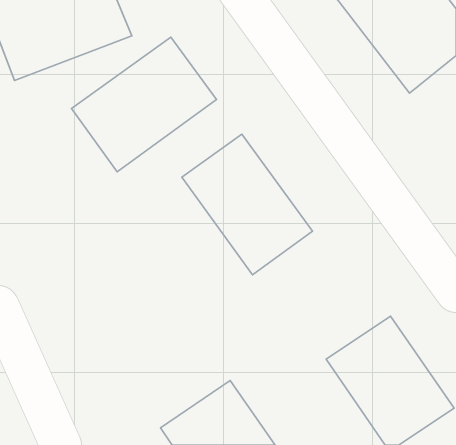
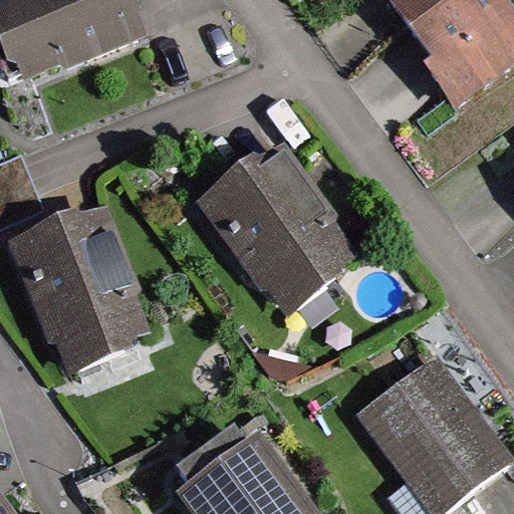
building: [72,37,217,172] -> none
building: none -> [15,214,158,375]

